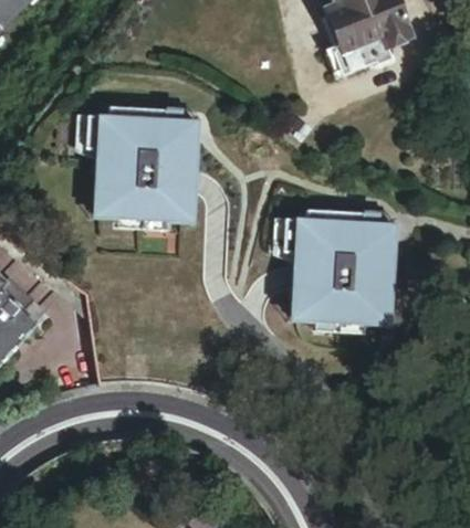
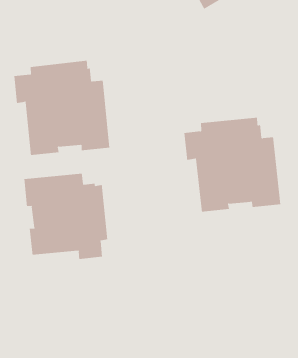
building: none -> [24,173,108,260]

